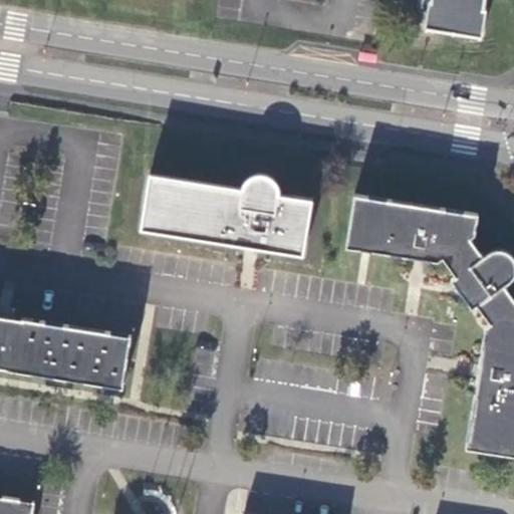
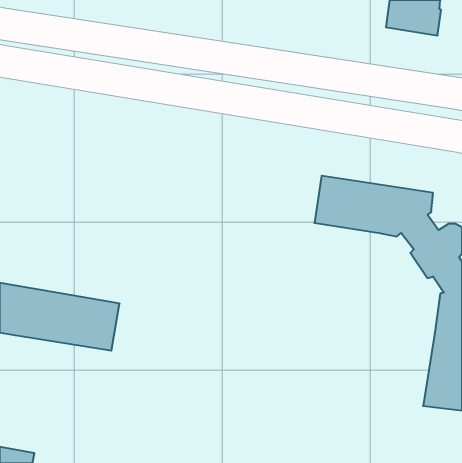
building: [144,175,313,253] -> none

